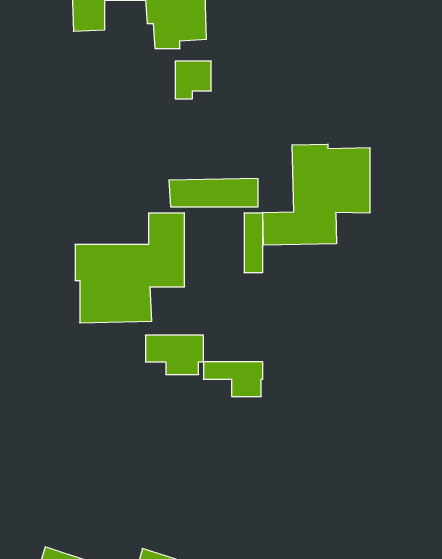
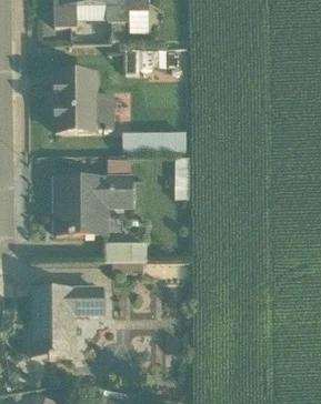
building: none -> [53,73,112,131]
building: [263,144,370,245] -> none
building: none -> [29,287,98,355]

